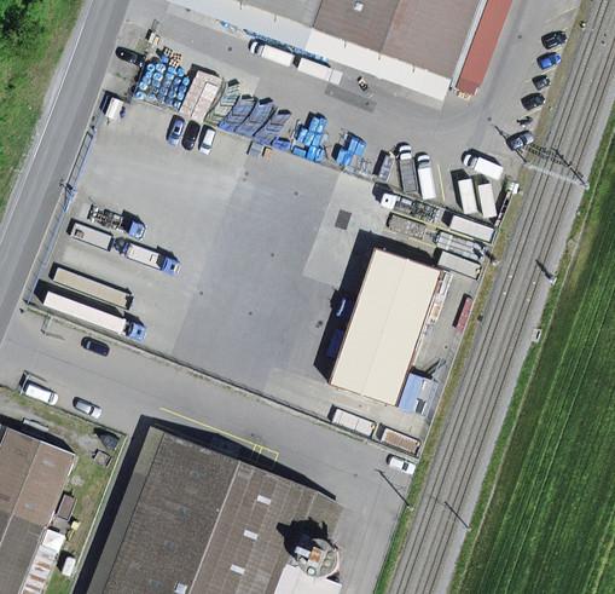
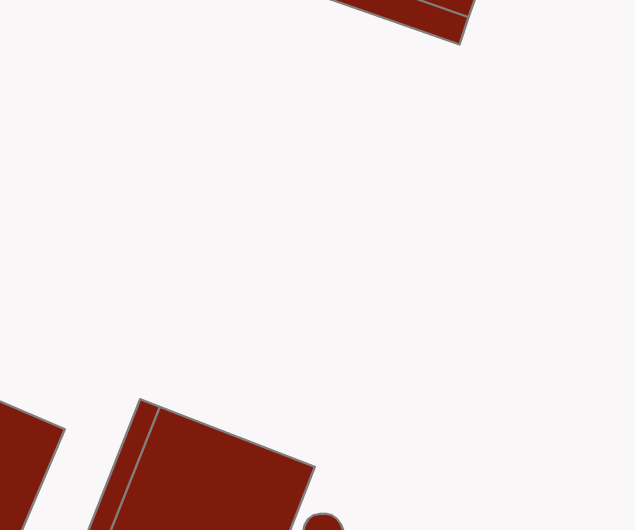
building: [329,247,441,405] -> none

